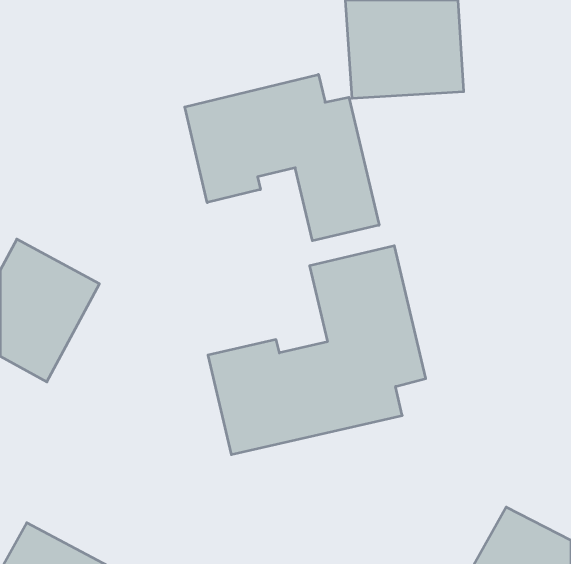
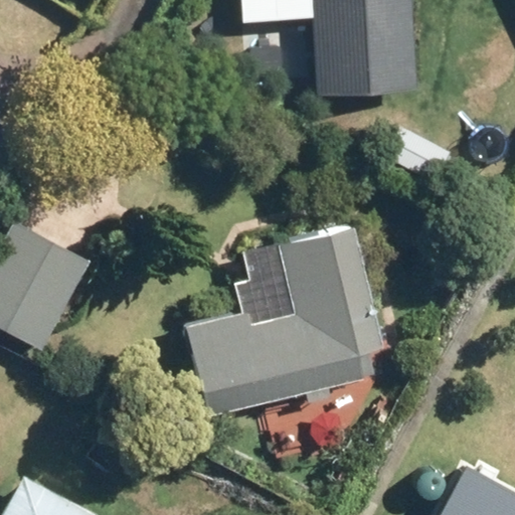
building: [185,74,379,241] -> none

